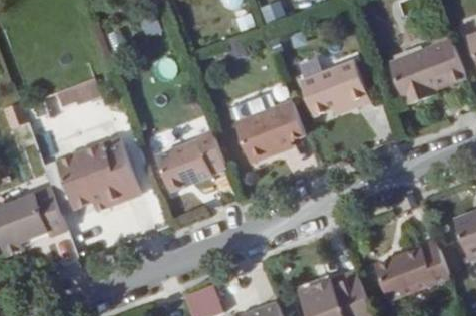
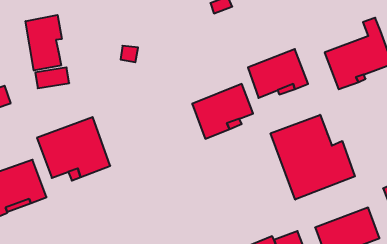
building: none -> [26,15,62,71]
building: [156,131,225,193] -> none
building: none -> [271,115,355,200]

